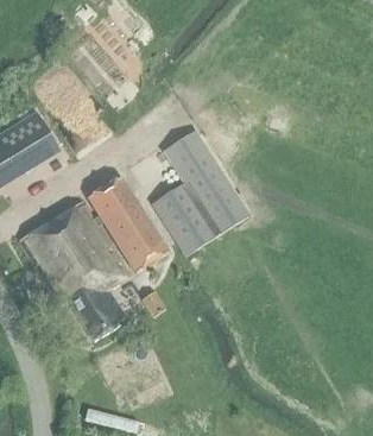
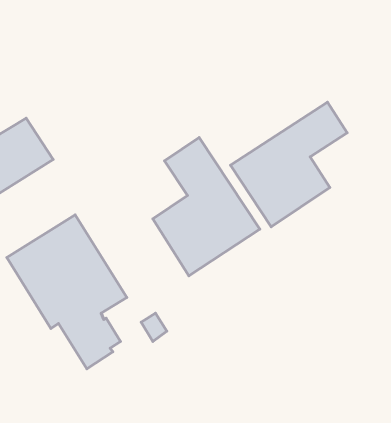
building: none -> [231,102,347,227]
building: [86,175,169,273] -> none

